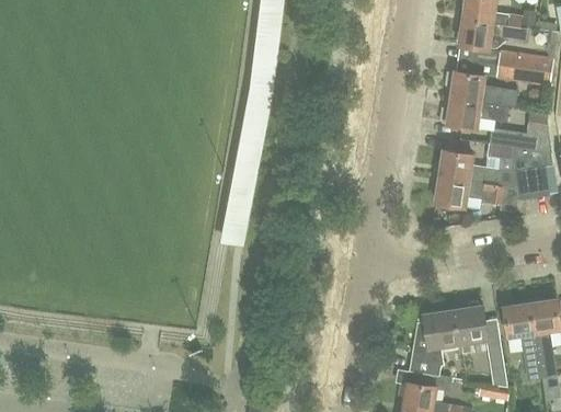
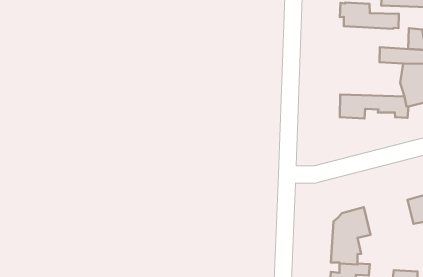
building: [442,98,507,127] -> none
building: [438,144,515,186] -> none
building: [453,300,508,387] -> none

